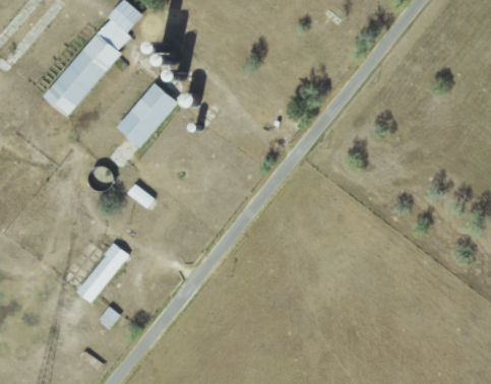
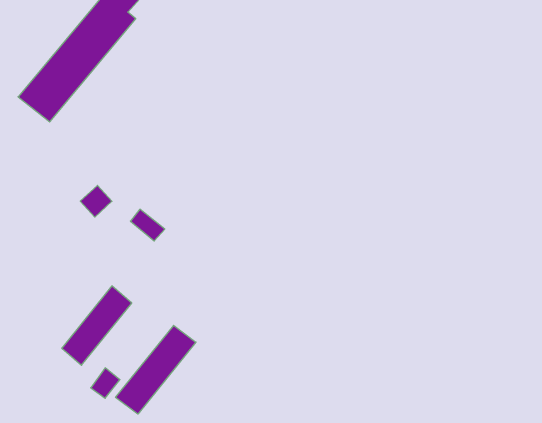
building: [116,82,178,147] -> none
building: none -> [116,325,196,414]

